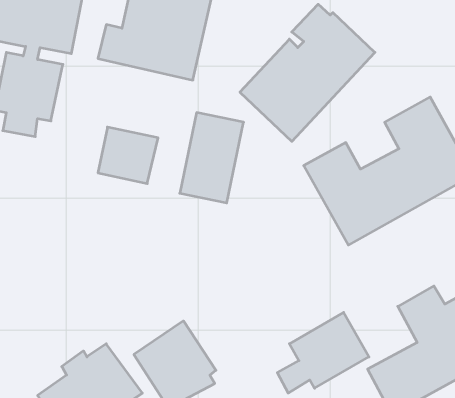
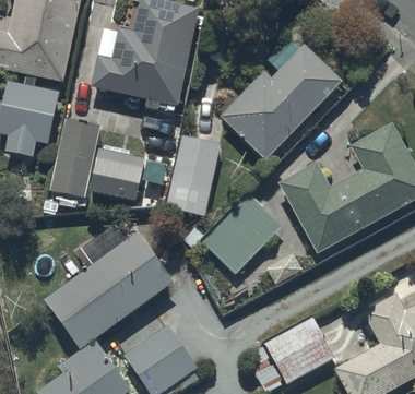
building: none -> [44,118,100,208]
building: none -> [200,192,281,274]
building: none -> [43,225,175,349]

